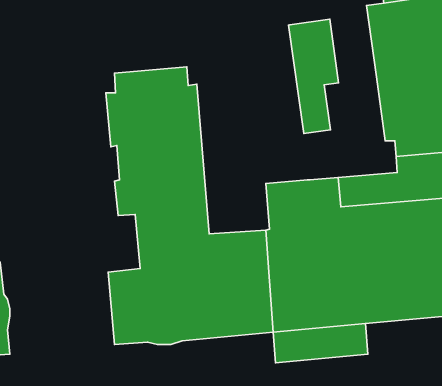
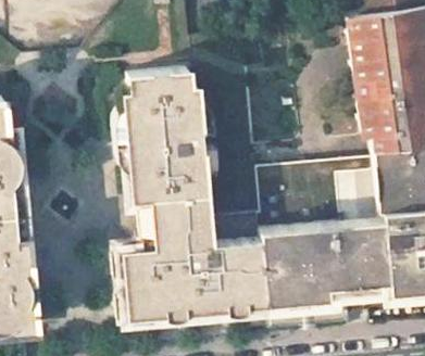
building: [289,19,339,134] -> none

